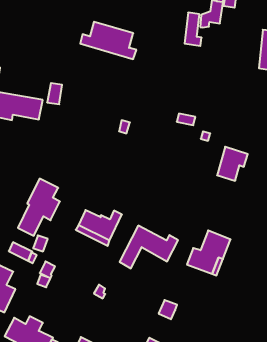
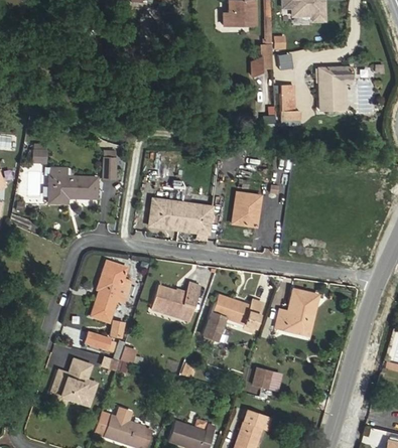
building: [185,13,202,46] -> [281,86,299,119]
building: [80,22,136,59] -> [149,199,210,233]
building: [217,147,248,181] -> [232,191,261,226]

